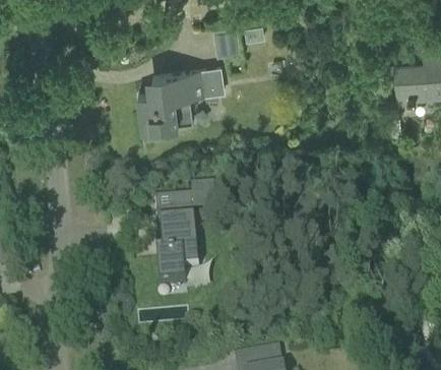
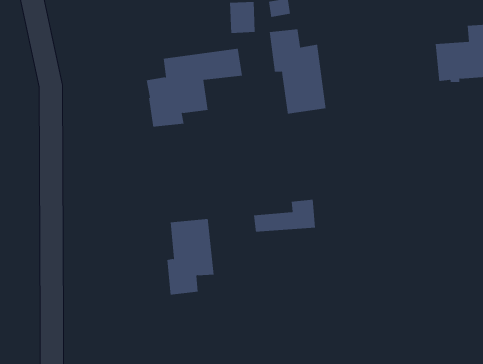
building: none -> [269,28,326,115]
building: [158,183,213,212] -> [253,199,316,232]

